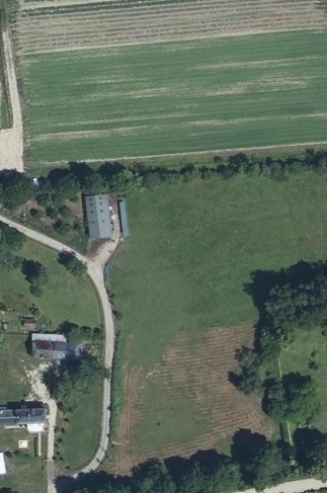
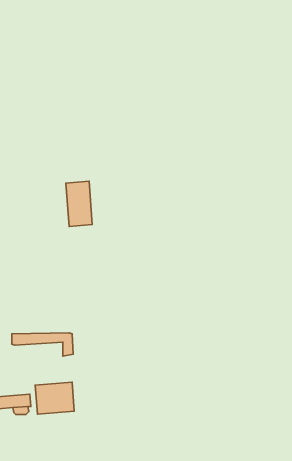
building: none -> [35,382,74,414]

